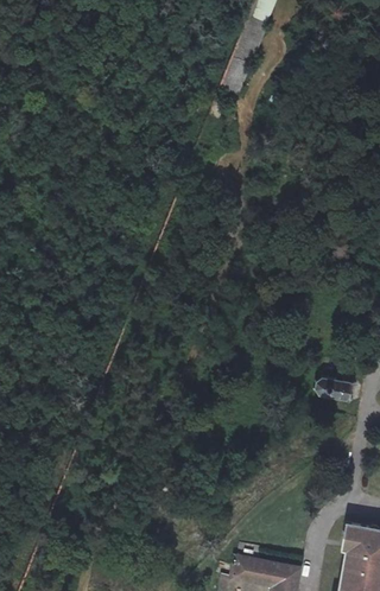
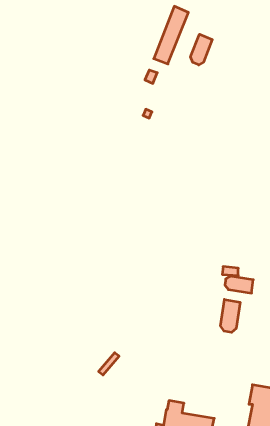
building: none -> [191,34,212,65]
building: none -> [220,299,240,332]

